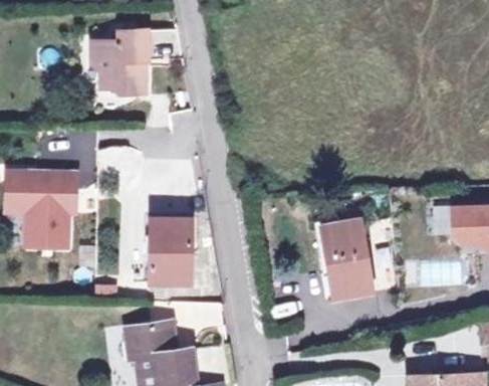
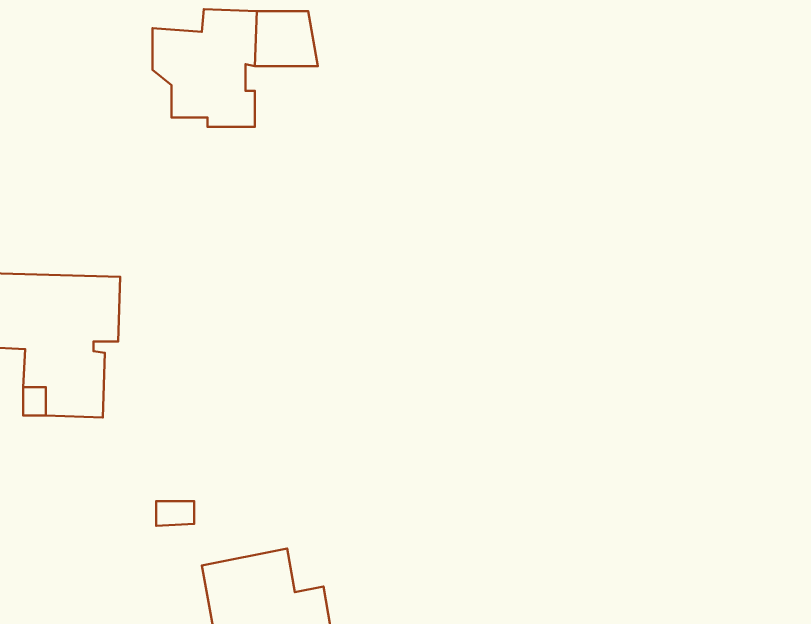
building: [150,217,191,281] -> none
building: [322,221,375,301] -> none

